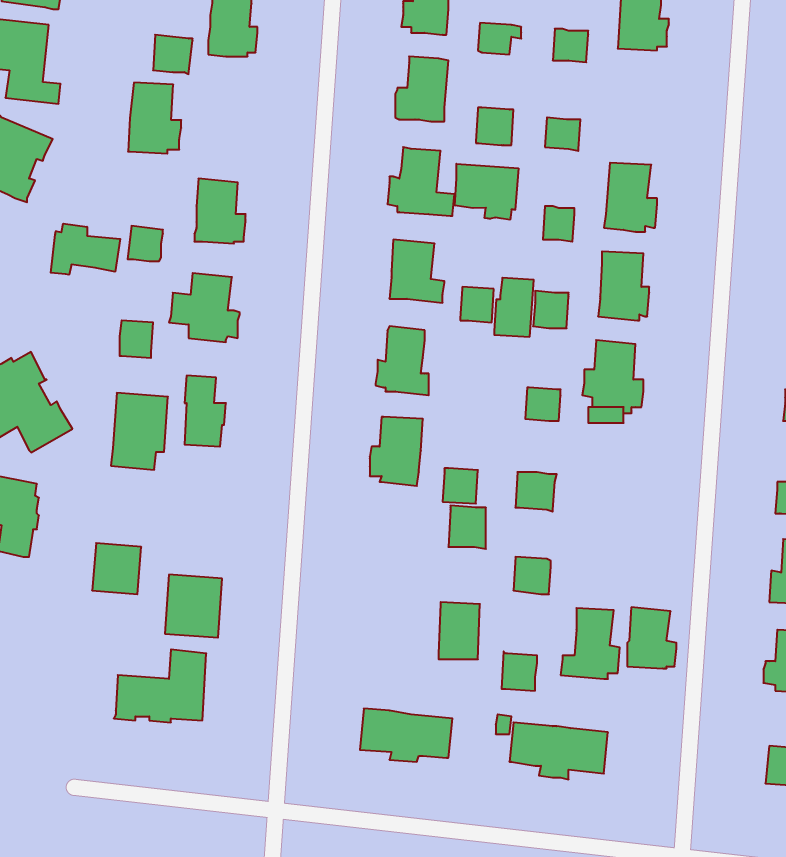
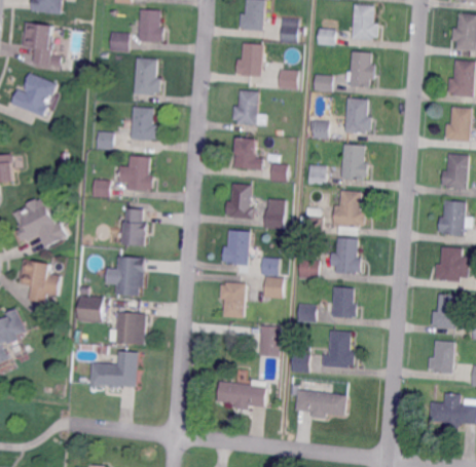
building: none -> [344,50,375,86]
building: [128,83,181,154] -> [134,57,161,94]
building: [455,164,518,220] -> none
building: [51,224,120,275] -> none
building: [494,278,534,337] -> [263,199,284,230]
building: [111,393,168,470] -> [115,257,145,297]
building: none -> [330,237,361,275]
building: none -> [219,281,246,318]
building: [627,607,676,668] -> [332,285,358,317]

